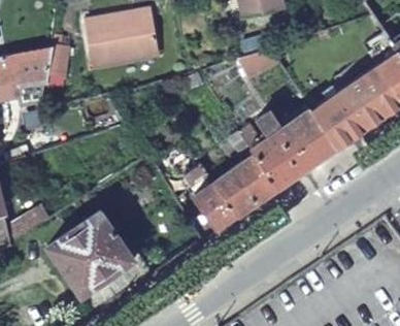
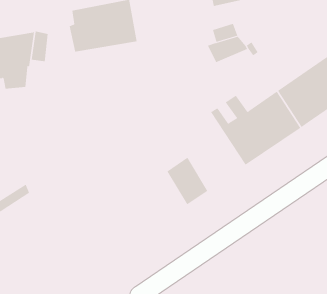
building: [218,131,278,215] -> none
building: [47,207,154,313] -> none

